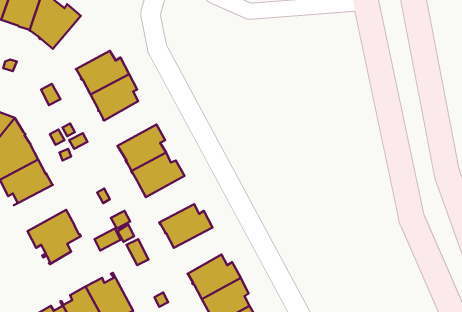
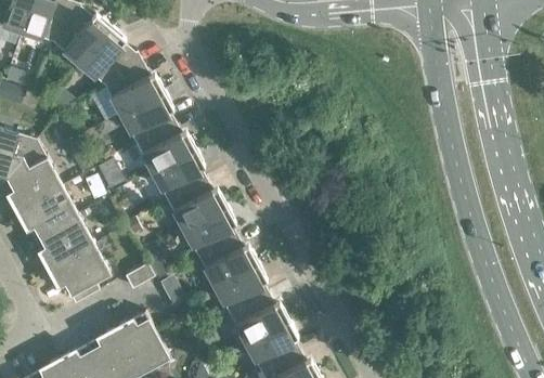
building: none -> [78,28,142,88]
building: none -> [135,123,194,173]
building: none -> [182,207,236,259]
building: none -> [35,217,93,269]
building: none -> [213,264,267,316]

